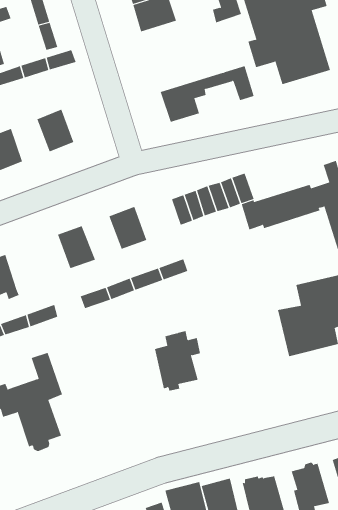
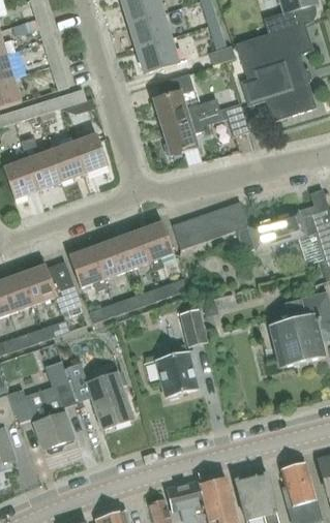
building: none -> [153,73,219,127]
building: none -> [72,134,108,173]
building: none -> [27,152,61,190]
building: none -> [139,222,173,270]
building: none -> [91,240,126,279]
building: none -> [22,263,80,312]
building: none -> [180,310,206,345]
building: none -> [70,370,132,431]

